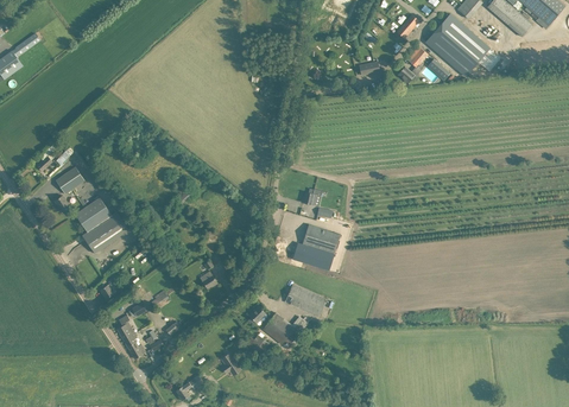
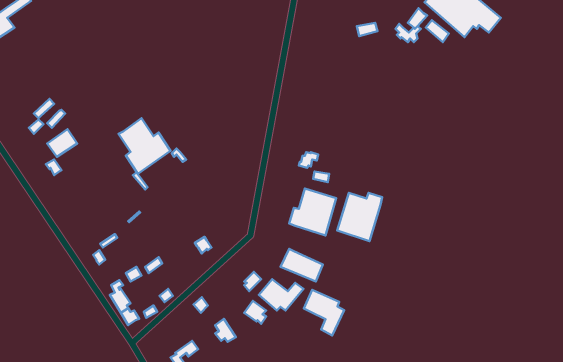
building: [75,198,126,253] -> [118,118,170,174]
building: none -> [337,193,382,241]
building: none -> [304,290,344,335]

